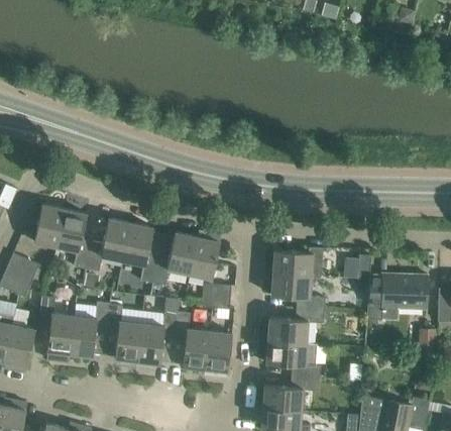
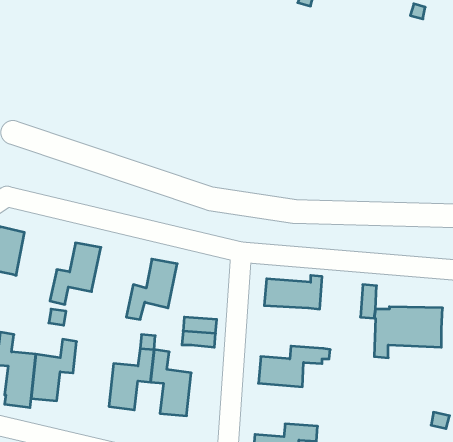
building: [58,209,93,268] -> none
building: [123,222,159,283] -> none
building: [190,230,221,279] -> none
building: [271,273,326,310] -> none
building: [107,304,142,360] -> none
building: [206,331,232,371] -> none
building: [266,340,321,378] -> none

